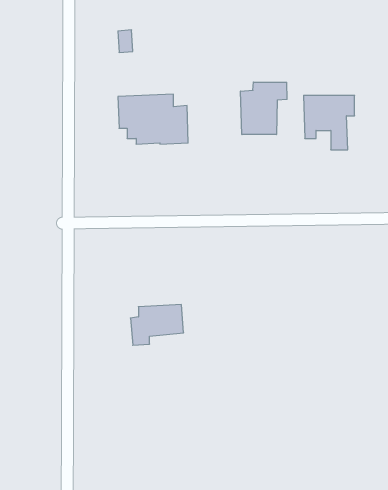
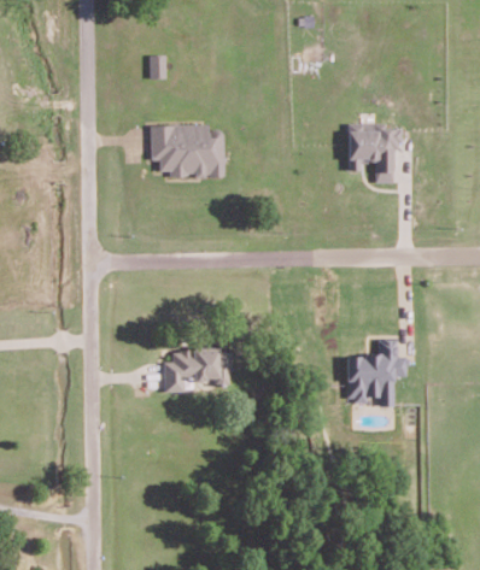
building: [241,82,287,135] -> none
building: none -> [346,340,405,407]

